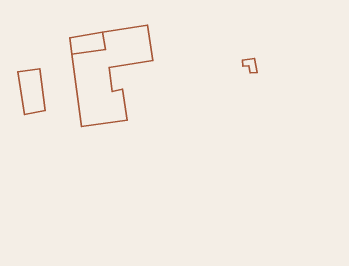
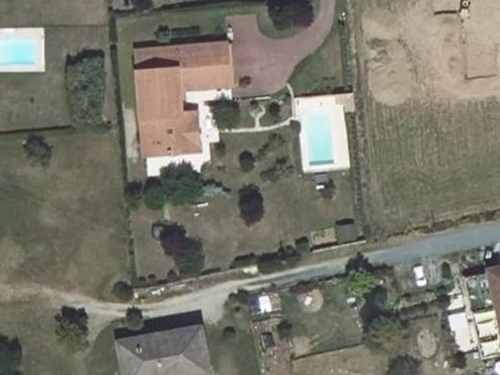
building: [18,69,45,114] -> none

